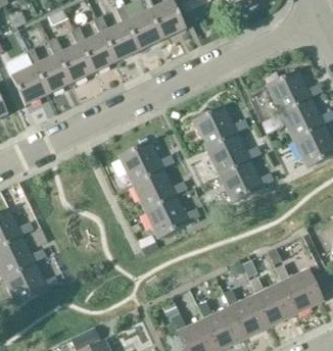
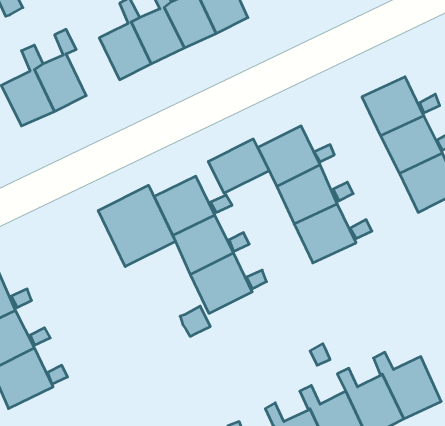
building: [56,24,94,83] -> none
building: none -> [208,139,269,193]
building: none -> [98,185,175,267]

